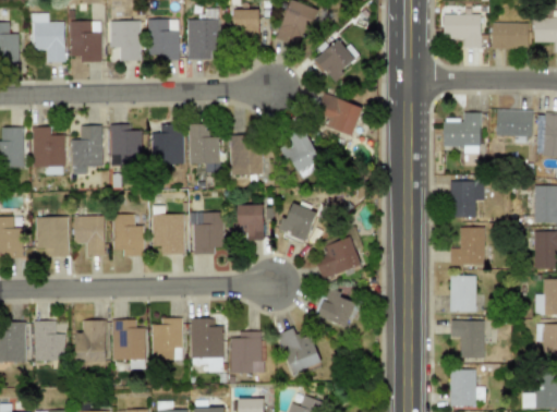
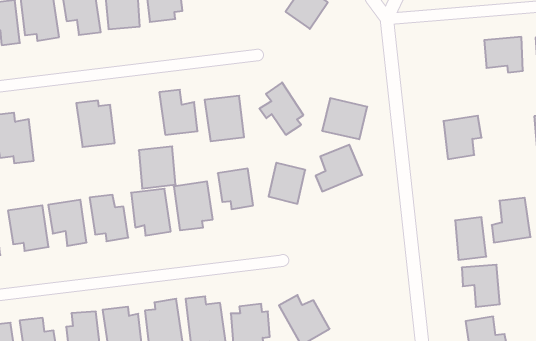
building: [318,95,363,136] -> [322,98,367,139]
building: [443,112,481,153] -> none
building: [72,124,102,173] -> none
building: [152,128,184,163] -> [139,146,176,189]
building: [450,227,485,265] -> [492,198,531,242]
building: [317,238,361,278] -> [316,145,362,191]
building: [318,288,354,328] -> none

